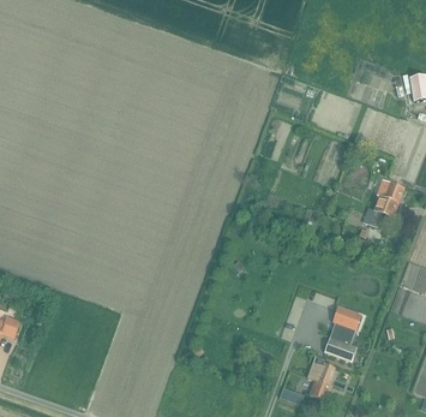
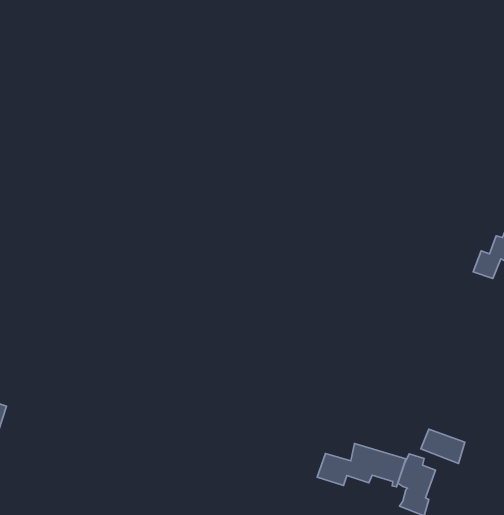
building: [332,305,361,344] -> none
building: none -> [317,443,406,487]

